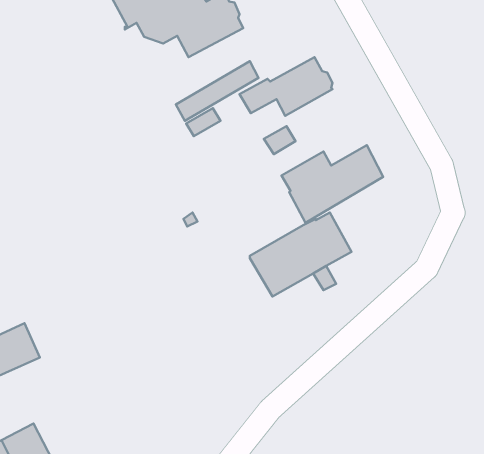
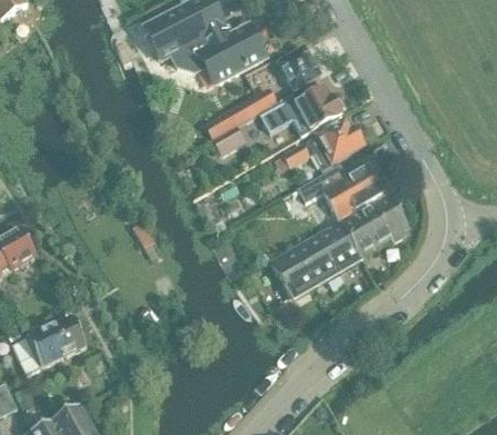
building: none -> [277,47,319,89]
building: none -> [304,117,362,169]
building: none -> [339,192,408,254]

